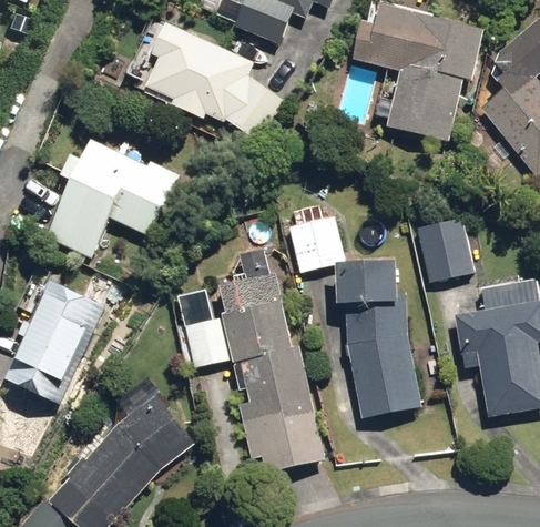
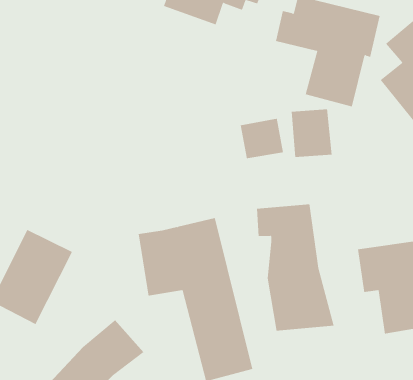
building: [149,17,286,135] -> none
building: [50,134,179,255] -> none
building: [294,216,348,266] -> [240,118,284,159]
building: [424,219,475,278] -> [291,109,332,157]

